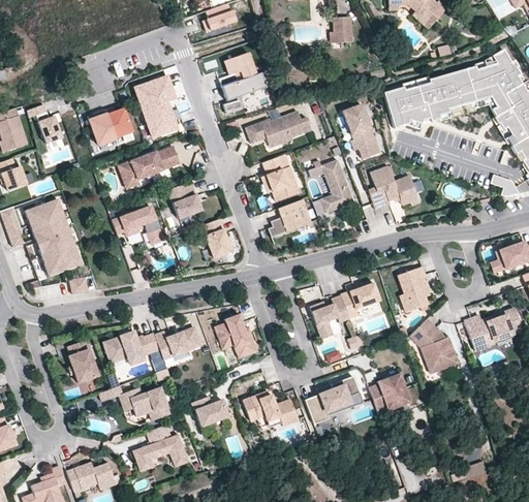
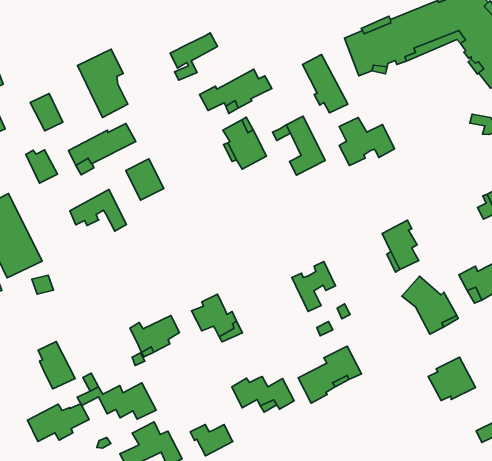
building: [224,53,256,81] -> none
building: [106,107,133,138] -> [26,150,57,183]
building: [269,199,311,238] -> none
building: [204,219,232,259] -> none
building: [341,282,380,319] -> none
building: [103,332,160,365] -> [28,404,89,441]
building: [369,373,411,411] -> [428,357,476,401]
building: [190,398,228,427] -> [190,425,233,456]

